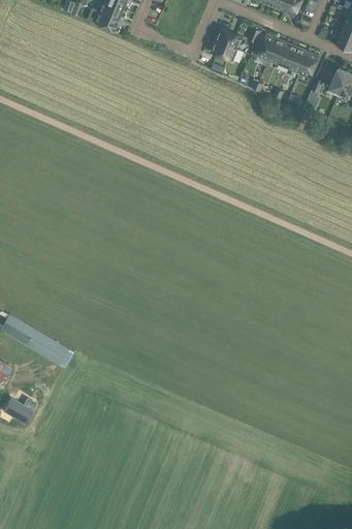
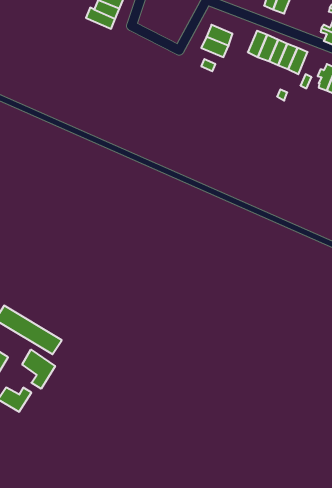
building: none -> [22,350,55,389]

